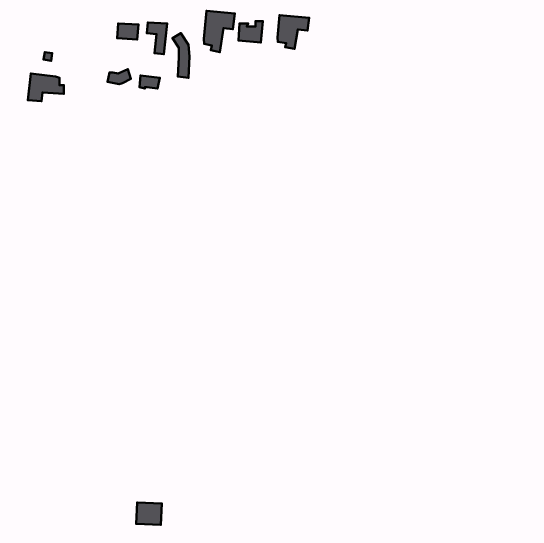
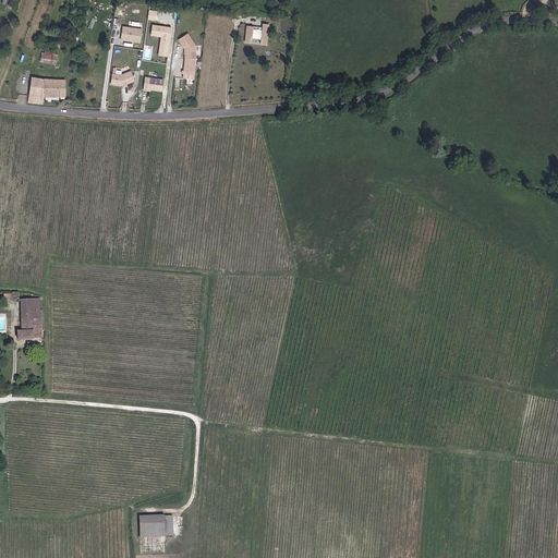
building: [204,11,235,52] -> none
building: [278,15,309,49] -> none
building: none -> [17,298,43,338]

